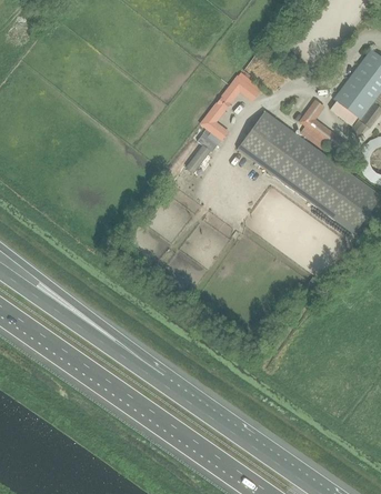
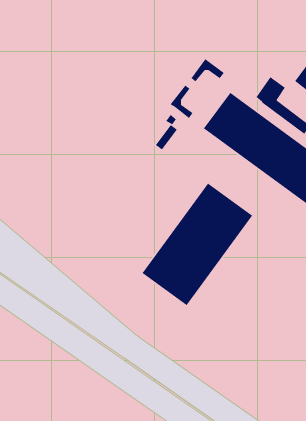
building: none -> [141,182,253,306]

